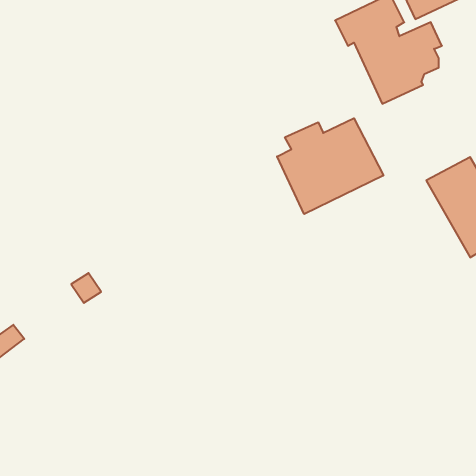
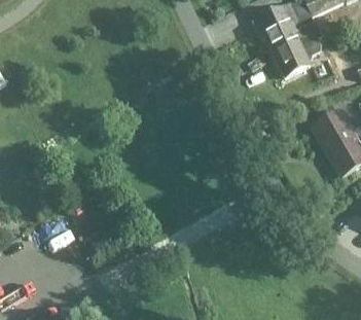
building: [277,118,383,214] -> none

